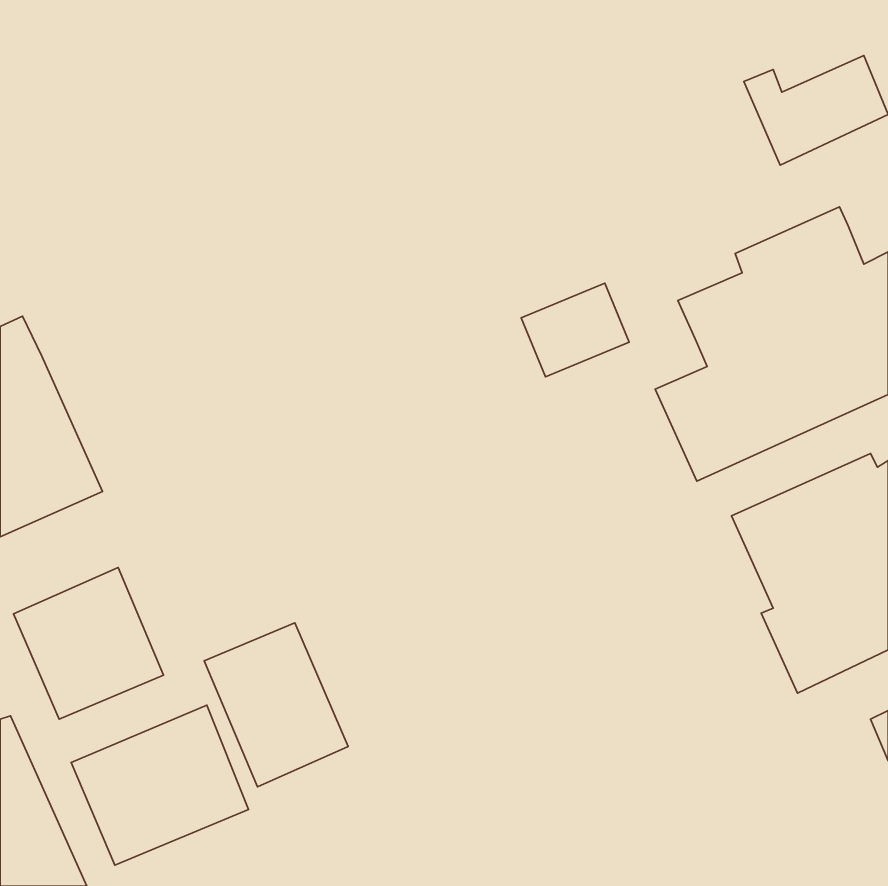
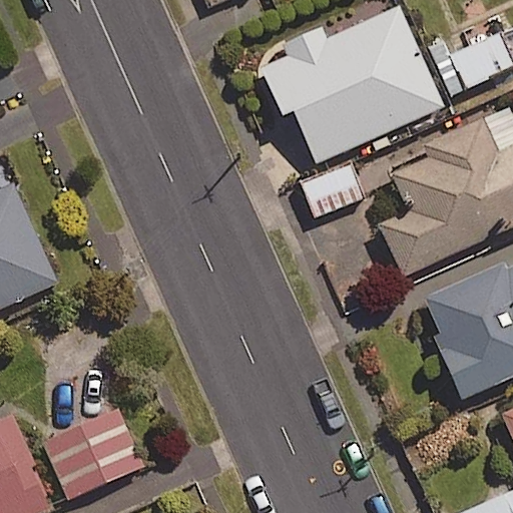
building: none -> [272,6,443,164]
building: [13,568,164,719] -> none
building: [204,623,348,787] -> none

